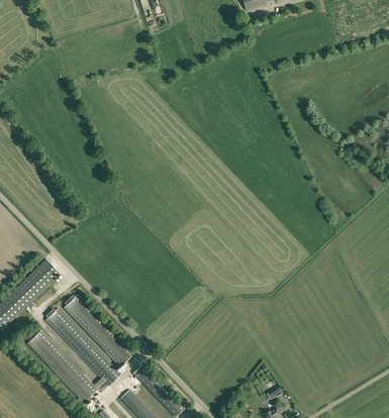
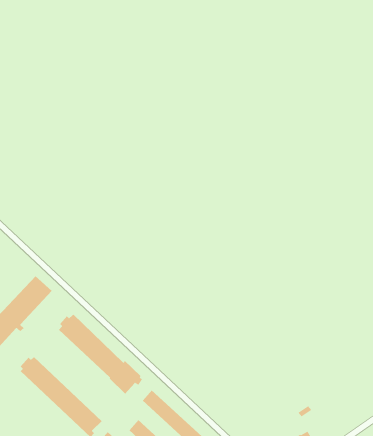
building: [45,308,121,387] -> none

